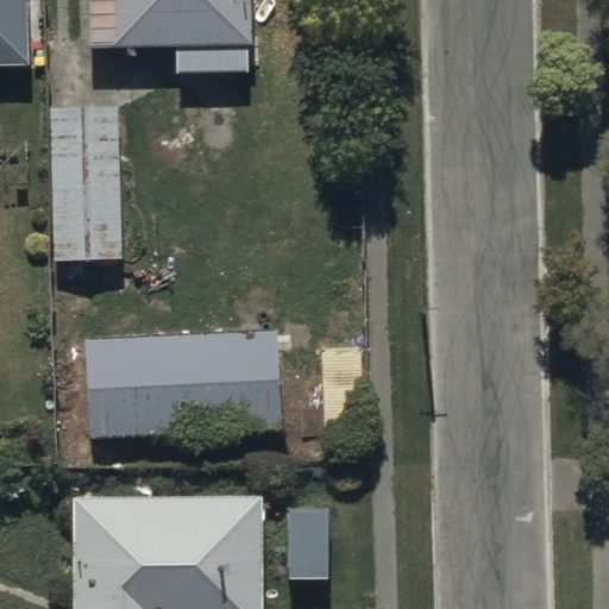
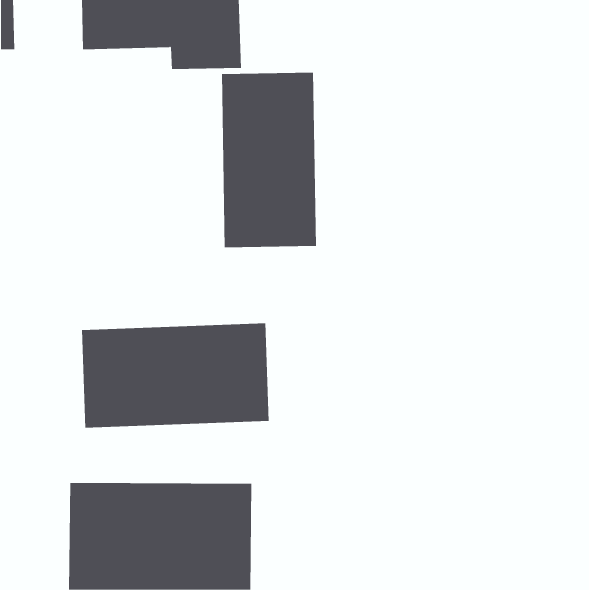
building: none -> [222,72,316,248]
building: [50,111,123,260] -> none

